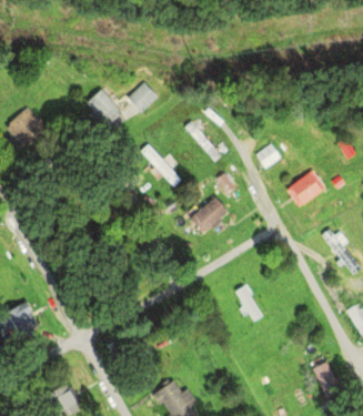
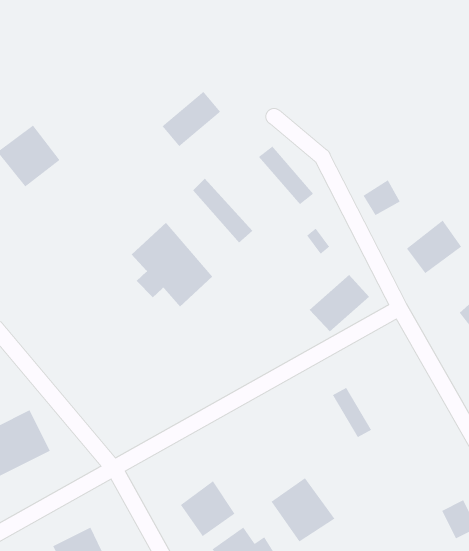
building: [84,91,121,129] -> none
building: none -> [131,222,213,307]
building: [186,196,229,236] -> [309,274,370,332]
building: none -> [271,477,336,543]
building: none -> [180,480,236,537]

